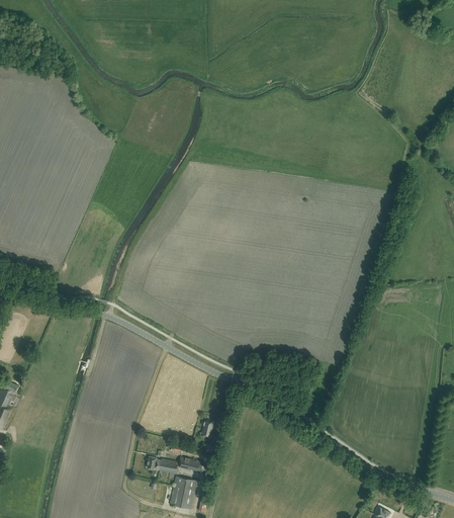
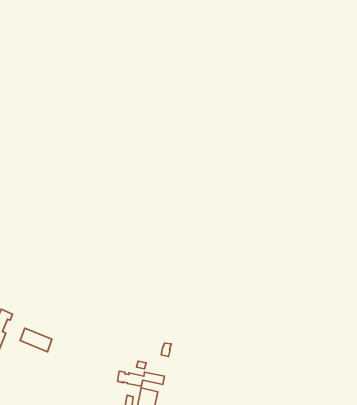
building: none -> [20,328,52,352]

